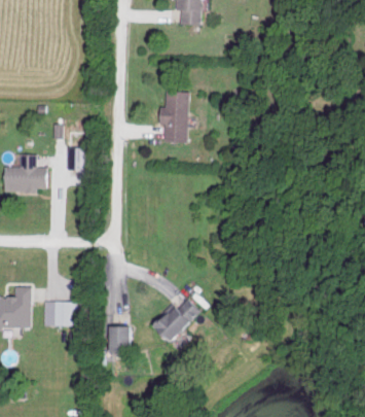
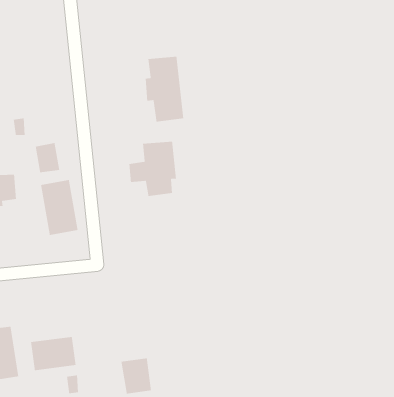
building: none -> [129,141,177,197]
building: none -> [40,179,78,236]
building: [150,298,203,345] -> none

